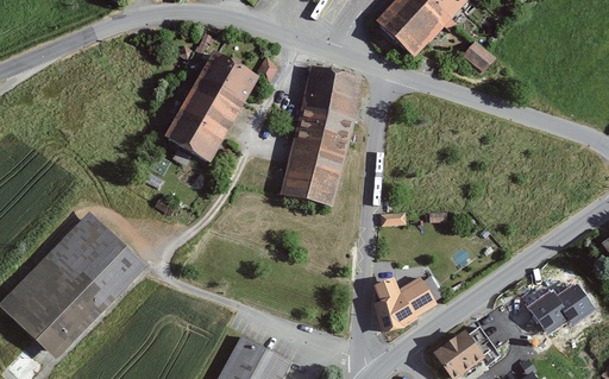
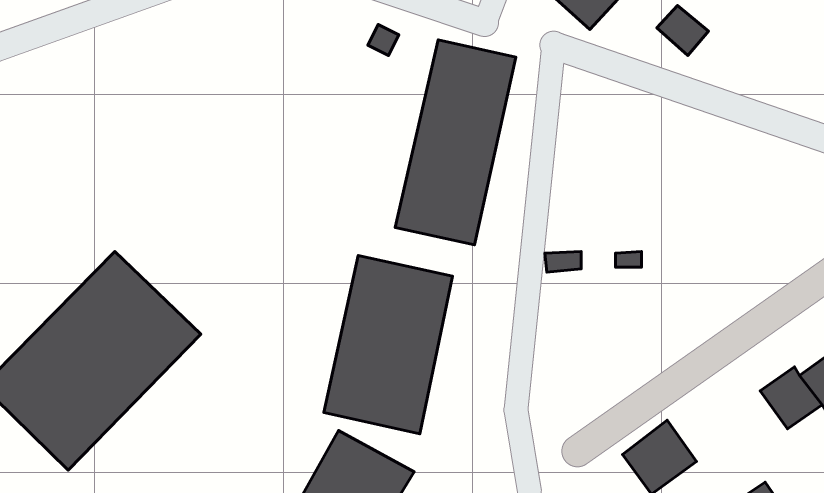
building: [159,50,258,164] -> none
building: none -> [324,256,453,434]
building: [376,274,440,331] -> none

